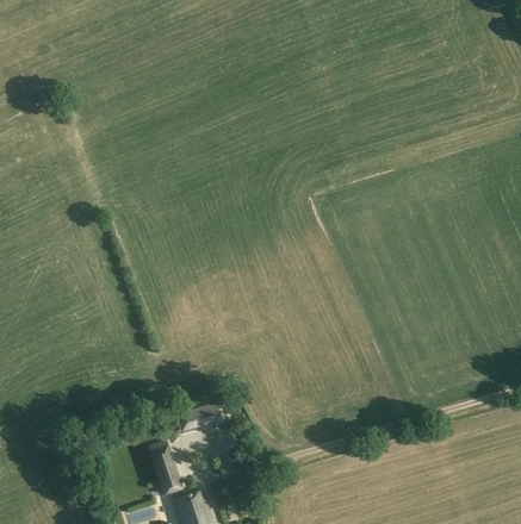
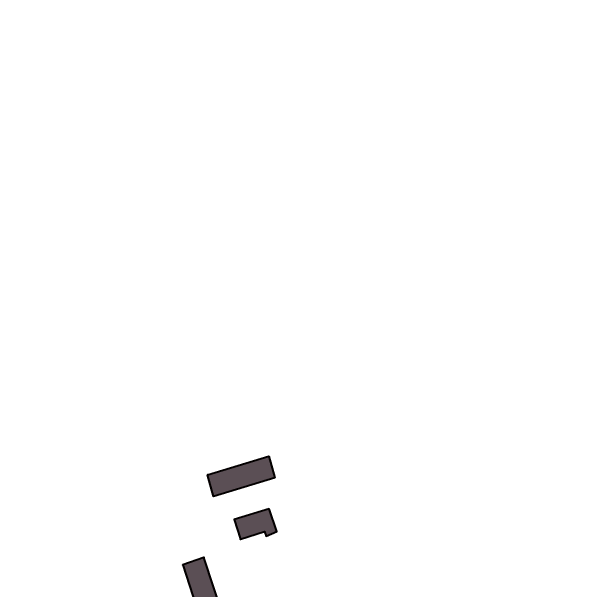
building: none -> [208,456,275,496]

